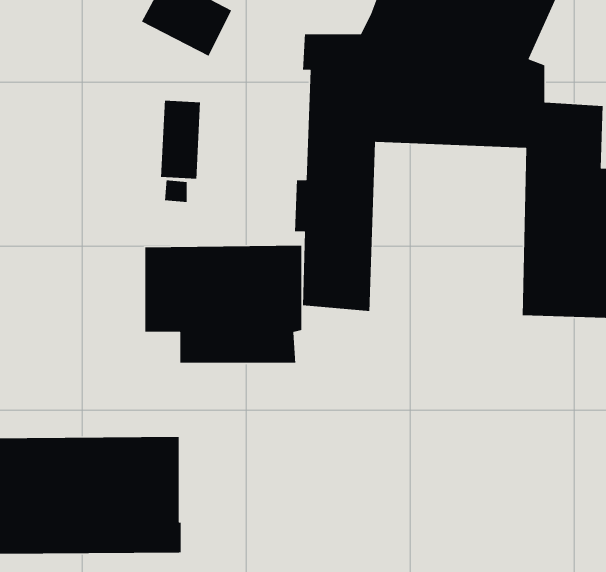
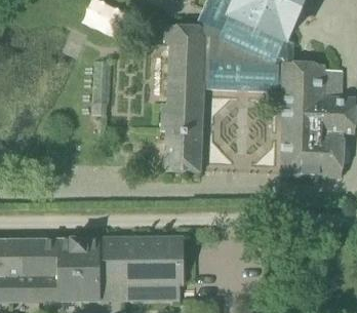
building: [145,245,302,364] -> [101,237,184,300]

